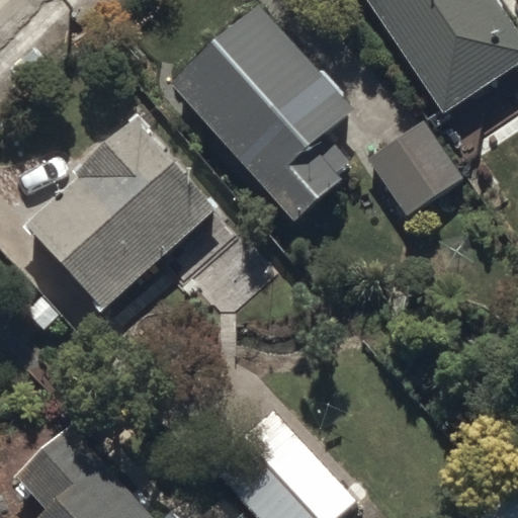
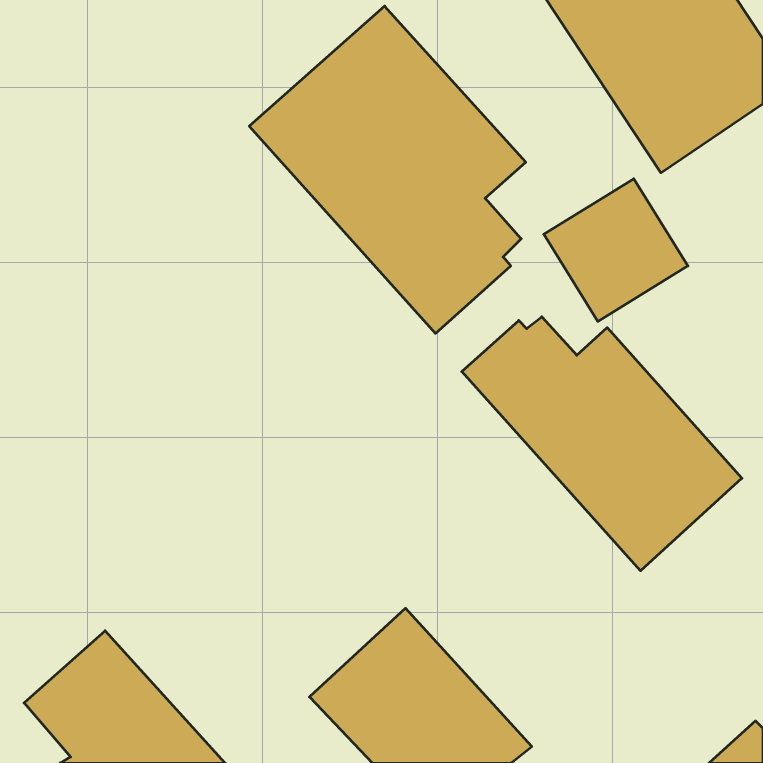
building: [23,115,215,312] -> none
building: none -> [462,317,742,571]

